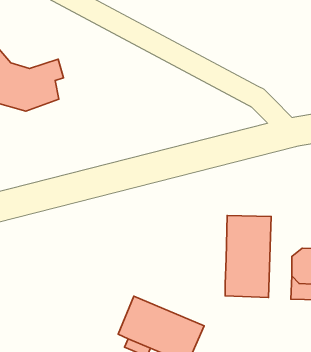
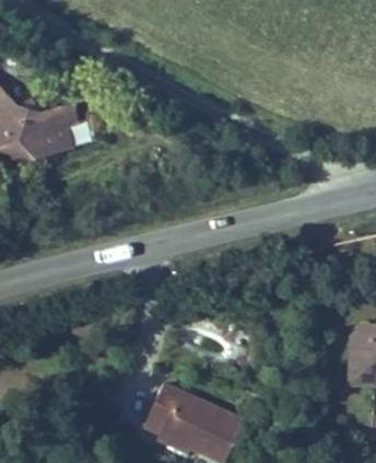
building: [225,216,271,297] -> none

